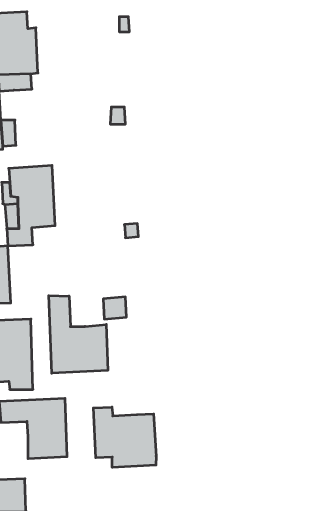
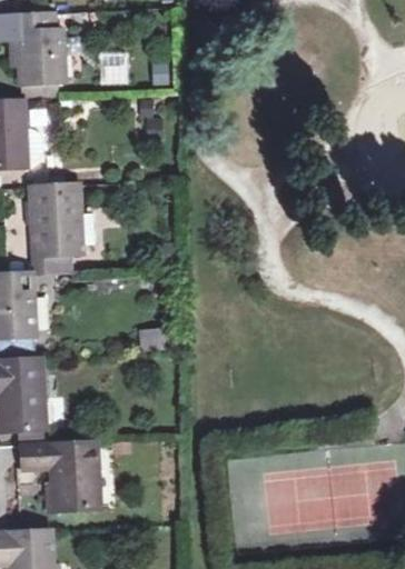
building: [49,296,108,373] -> none
building: [93,407,156,467] -> none

